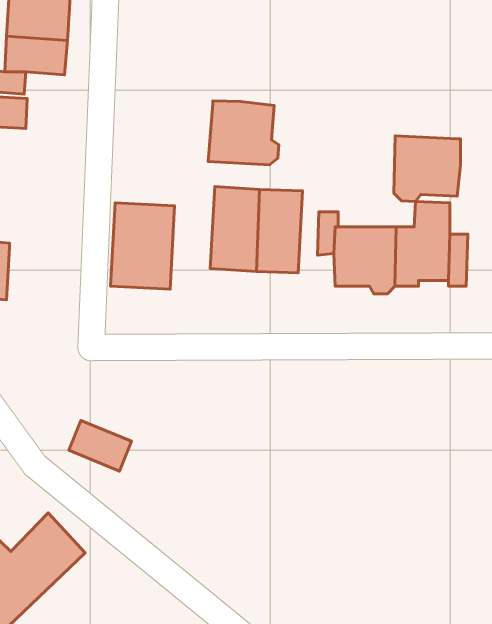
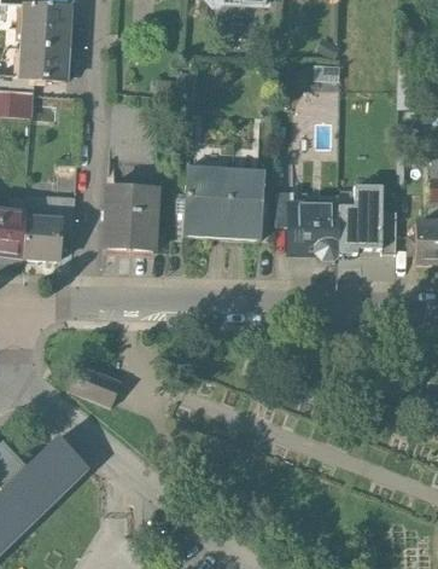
building: [208,101,279,165] -> none
building: [394,136,461,201] -> none
building: none -> [23,217,63,262]

